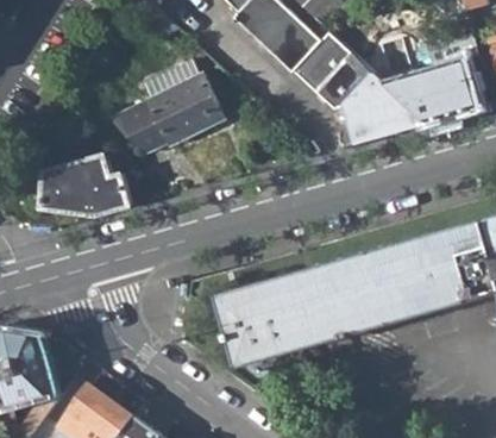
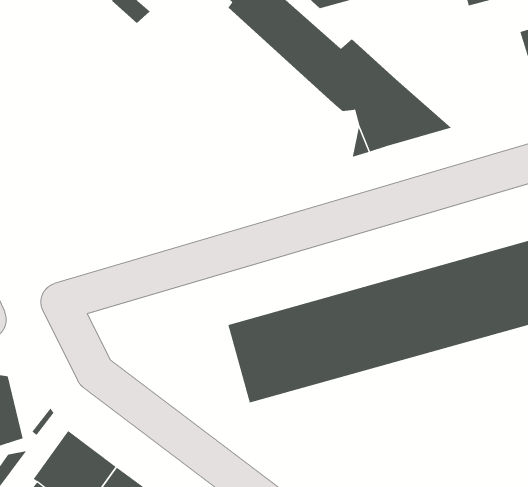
building: [379,52,477,119] -> none
building: [108,58,222,152] -> none
building: [42,154,130,215] -> none

